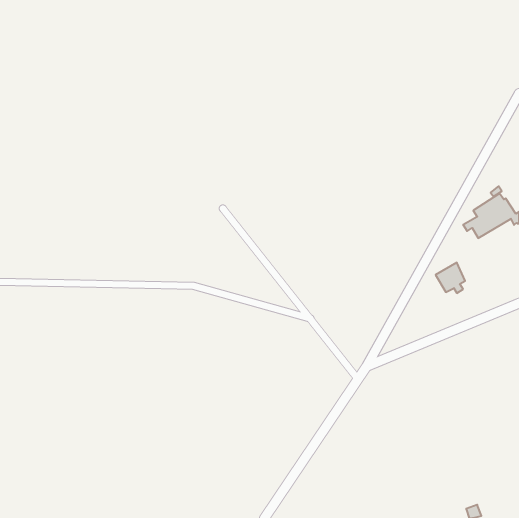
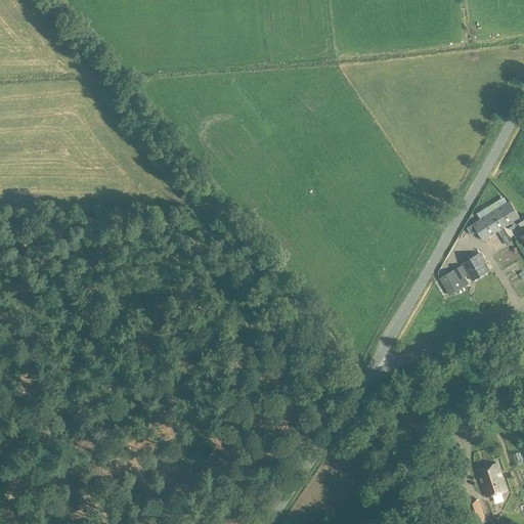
building: none -> [462,252,488,278]
building: none -> [477,462,506,495]

